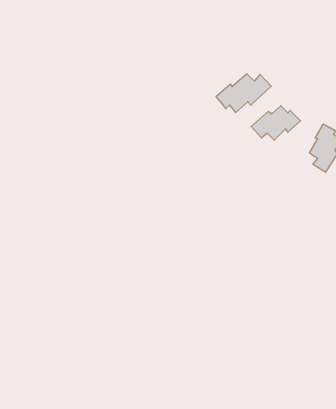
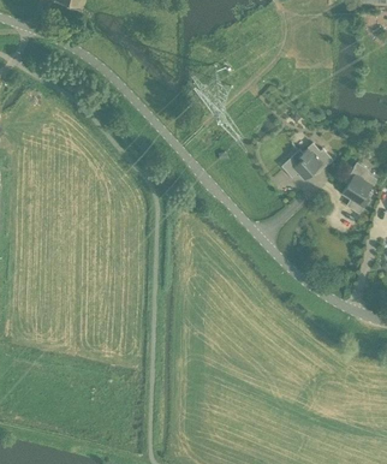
building: [216,74,271,113] -> none

